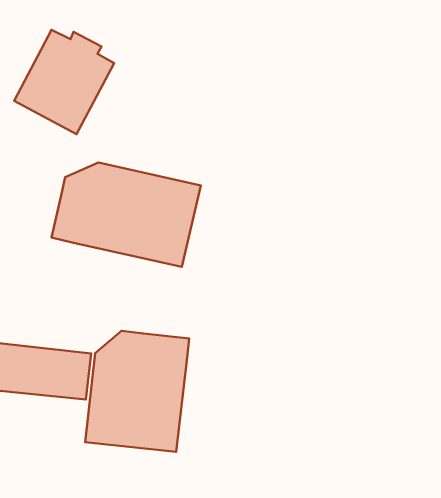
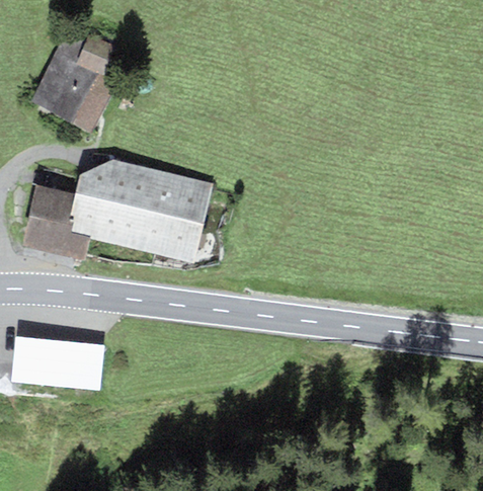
building: none -> [21,185,88,260]
building: [85,331,189,452] -> none

